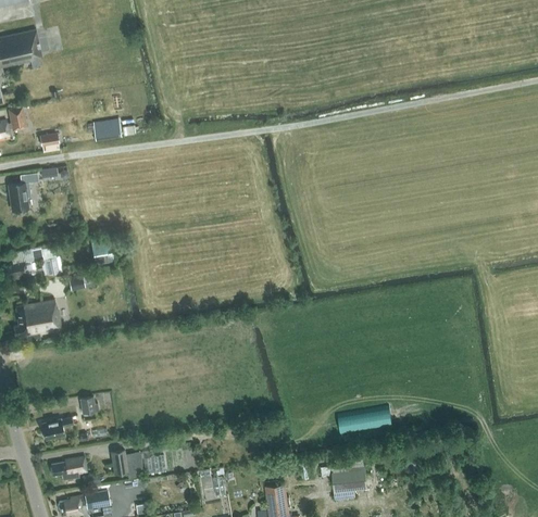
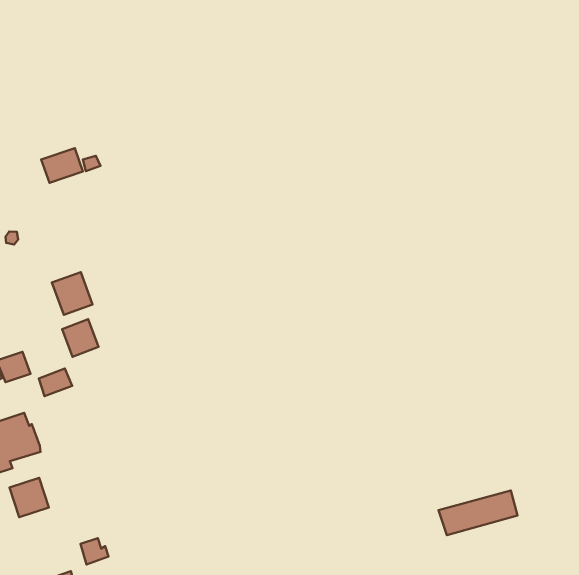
building: none -> [52,272,93,315]
building: none -> [10,478,49,517]

